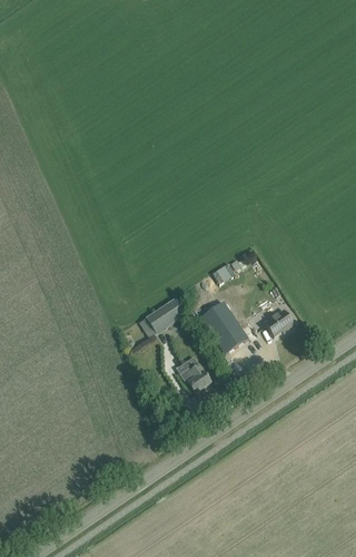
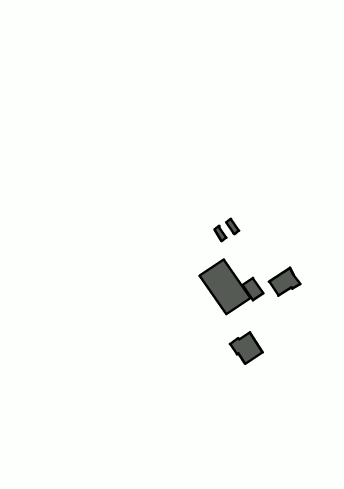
building: [147,297,184,332] -> none
building: [180,362,211,392] -> [230,332,263,364]

